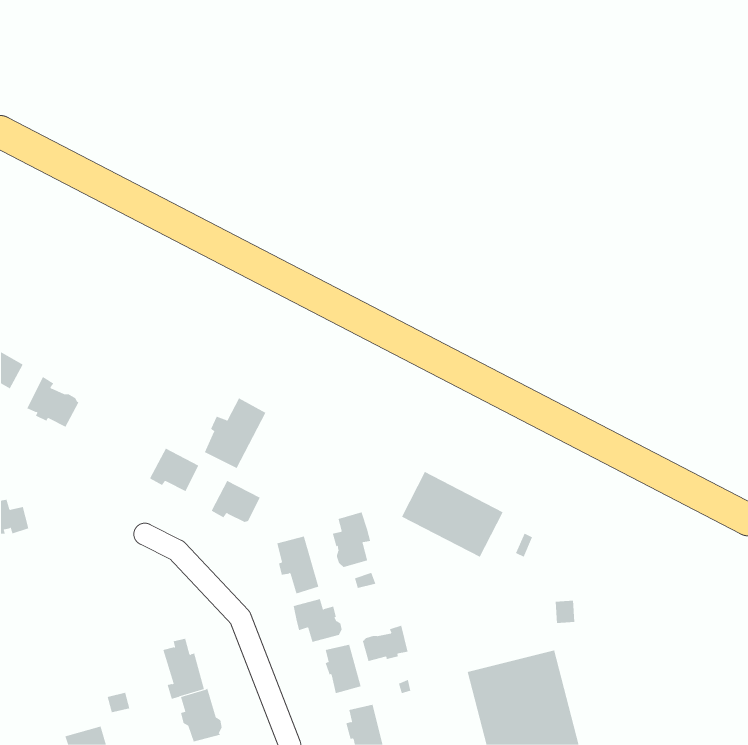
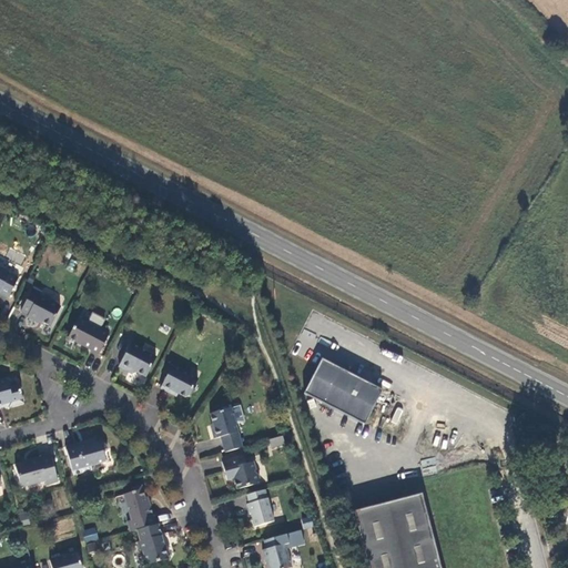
building: [204,397,266,469] -> none
building: none -> [68,316,109,352]
building: [332,512,371,568] -> none
building: none -> [64,436,108,474]
building: none -> [16,454,58,485]
building: [362,625,408,662] -> none

